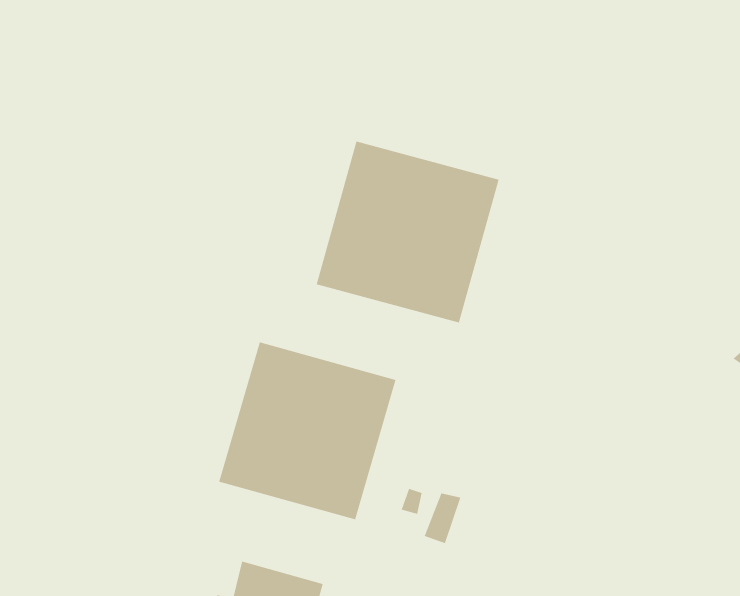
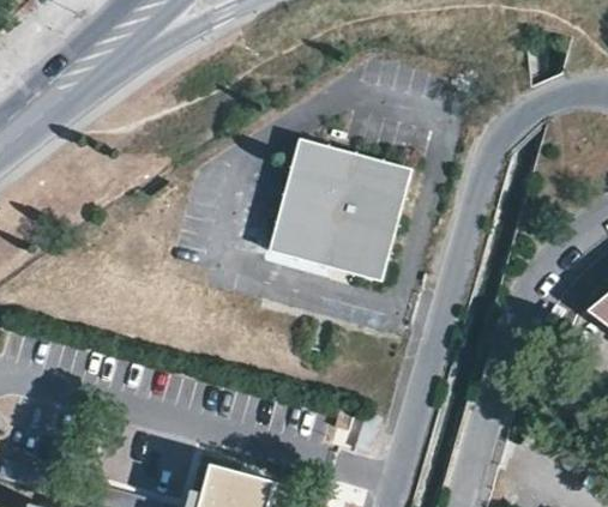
building: [219,341,396,520] -> none

